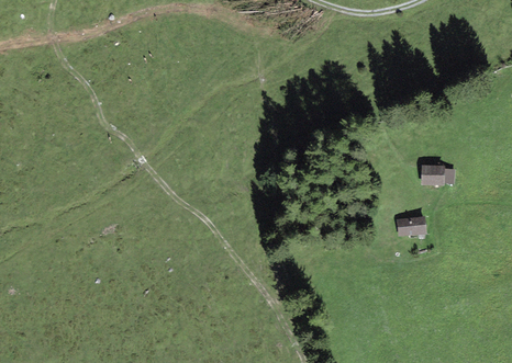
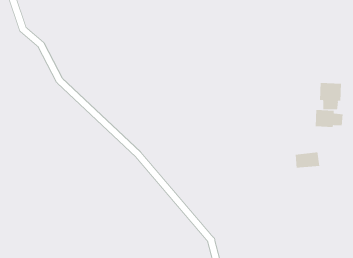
building: none -> [319,82,342,110]

